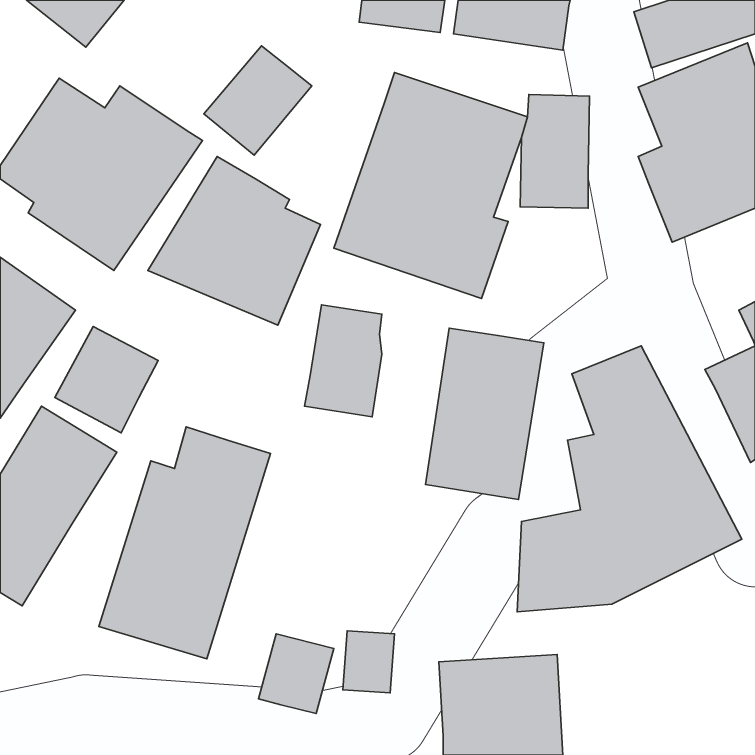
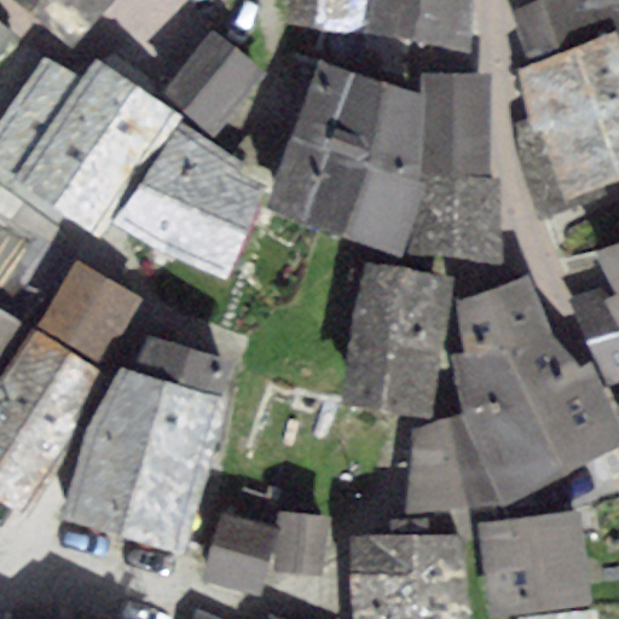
building: none -> [423,178,492,250]
building: [304,305,382,417] -> none
building: none -> [486,514,585,609]

